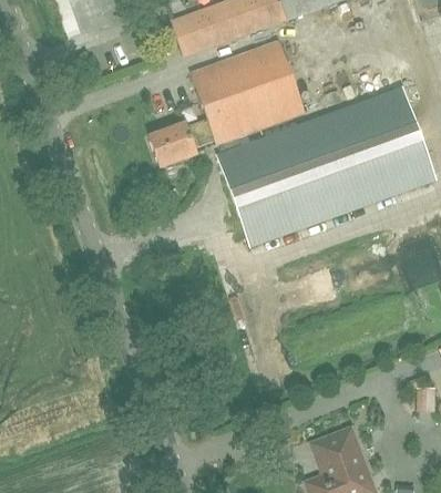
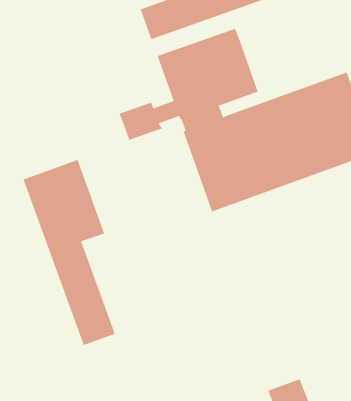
building: none -> [23,159,116,346]

